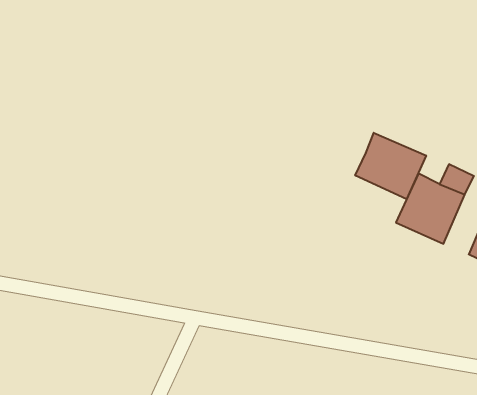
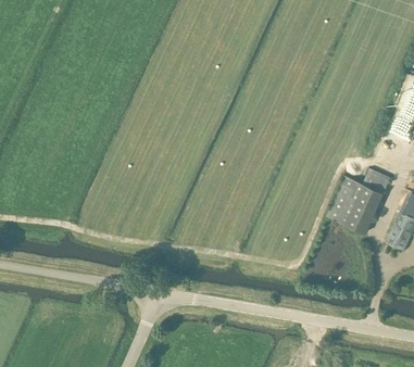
building: [355,133,426,199] -> none

